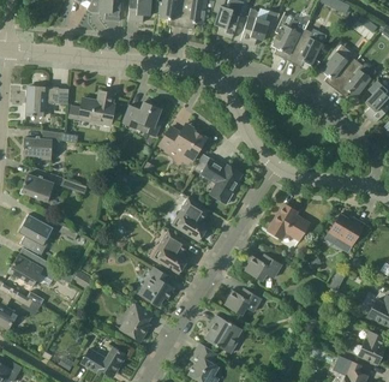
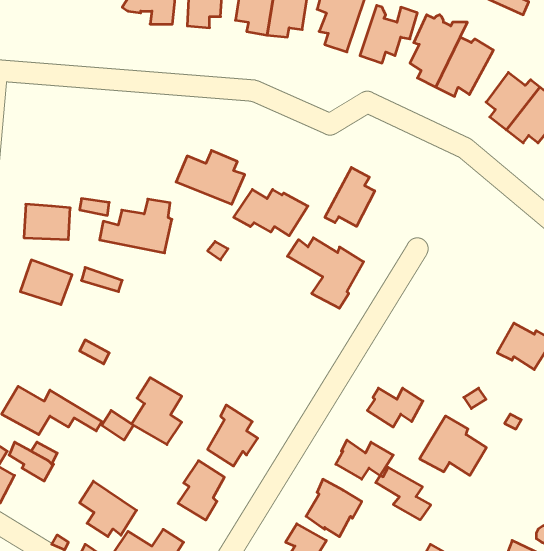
building: [25,86,59,115] -> none
building: [68,91,115,126] -> [100,199,172,253]
building: none -> [325,167,375,226]
building: [176,198,209,241] -> none
building: [267,203,310,241] -> [420,416,486,475]
building: [18,214,53,253] -> none
building: [156,231,188,274] -> [132,378,182,445]
building: none -> [376,467,431,520]
building: none -> [80,481,137,537]

